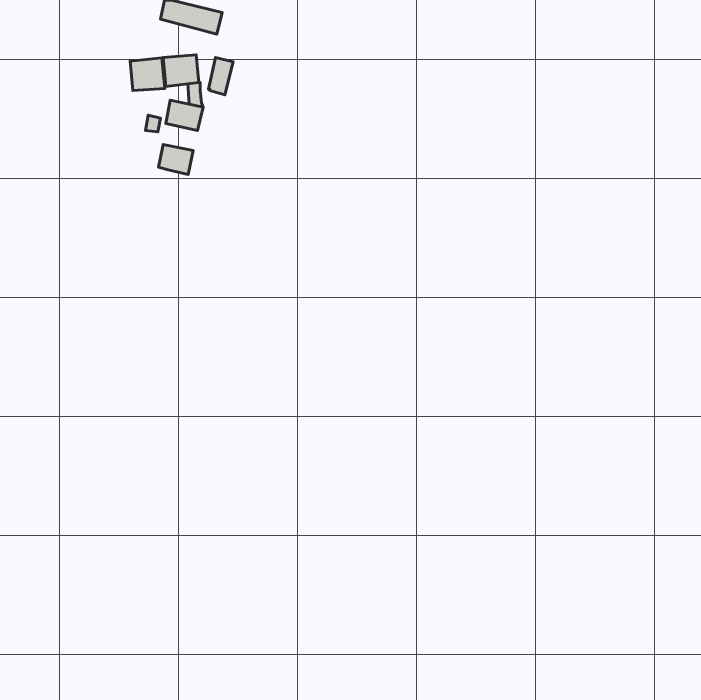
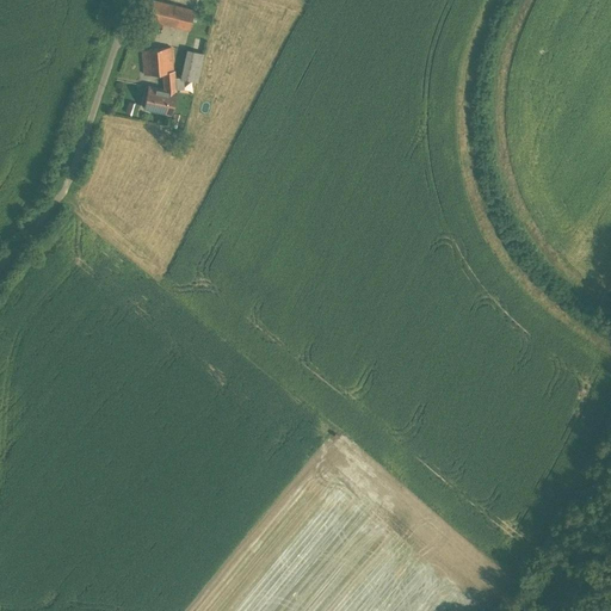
building: [130,58,165,91] -> none
building: [158,144,193,174] -> none

